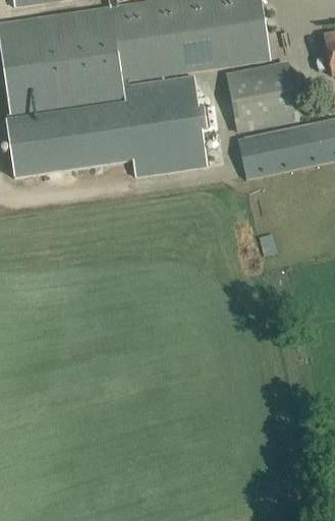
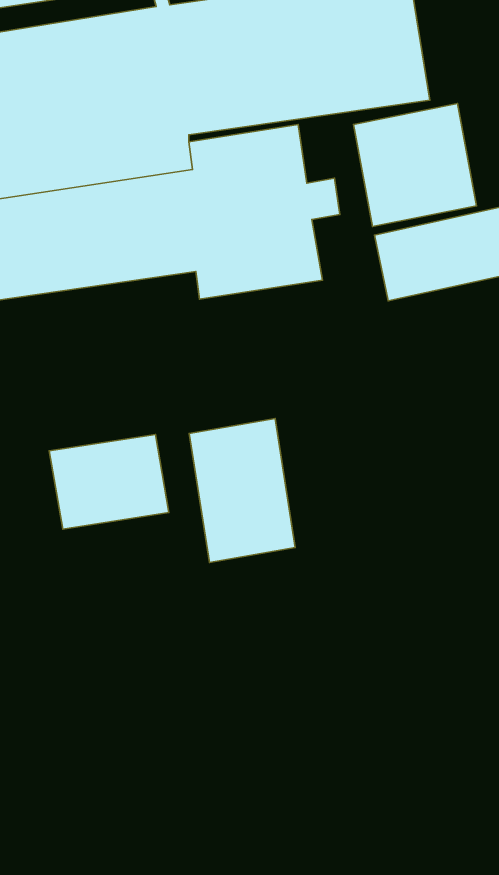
building: none -> [189,418,295,563]
building: none -> [49,434,169,529]

